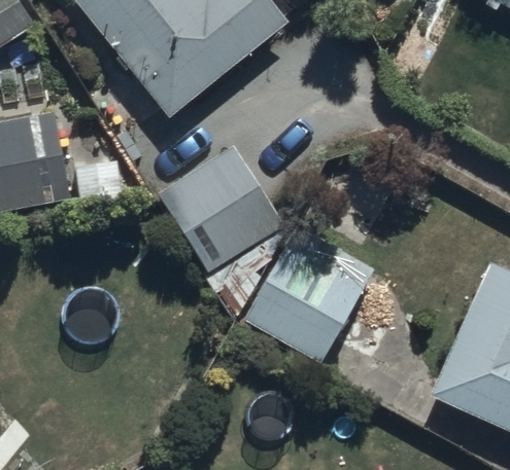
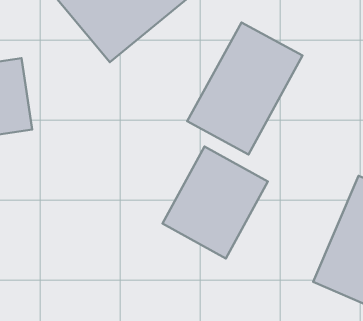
building: none -> [187,22,302,154]
building: [154,142,284,273] -> none

